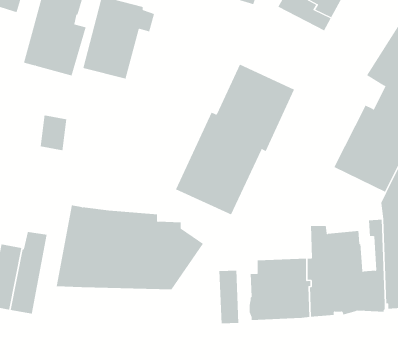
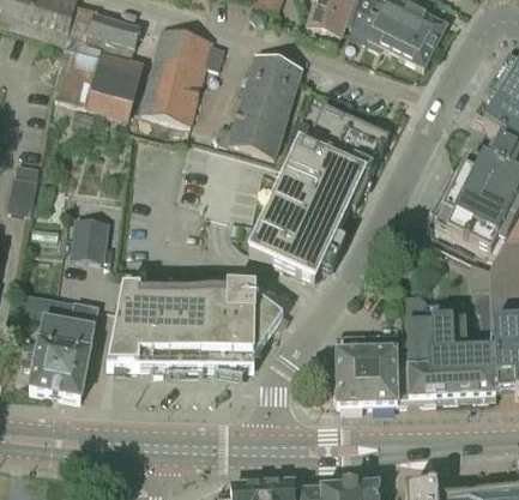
building: none -> [227,54,302,158]
building: [40,115,67,151] -> [73,218,105,260]
building: [219,270,239,324] -> none

